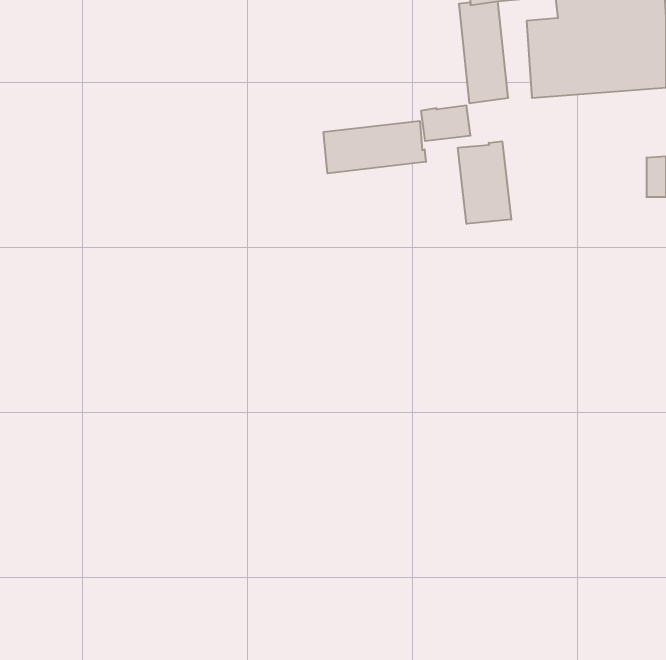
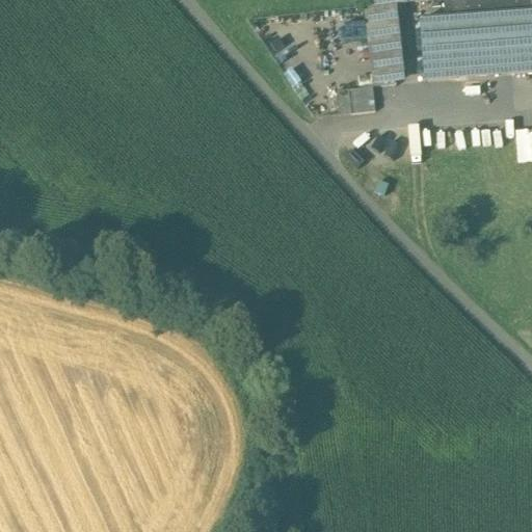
building: [324,121,426,173] -> none
building: [458,141,511,224] -> none

